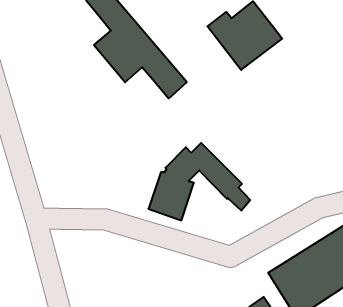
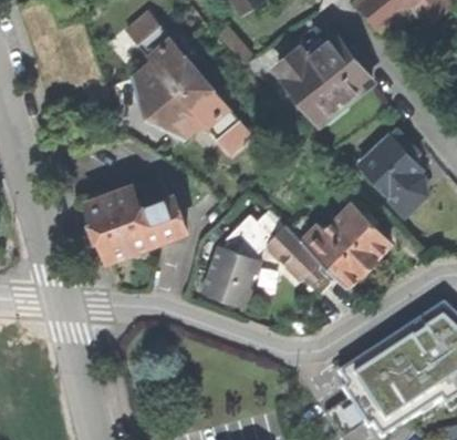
building: none -> [357,131,423,214]
building: none -> [85,180,184,262]
building: none -> [288,207,388,289]

